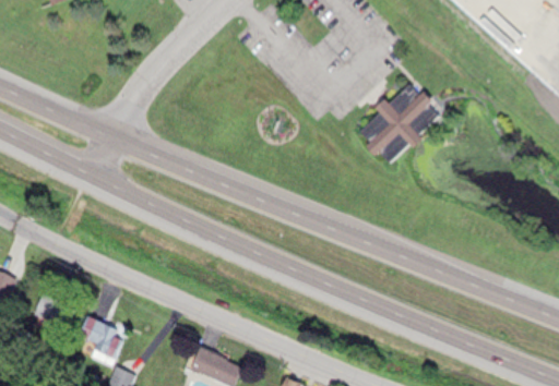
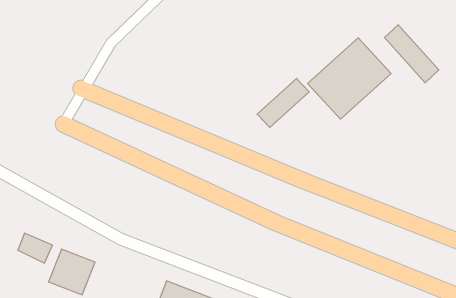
building: none -> [384,25,439,83]
building: none -> [257,78,309,128]

